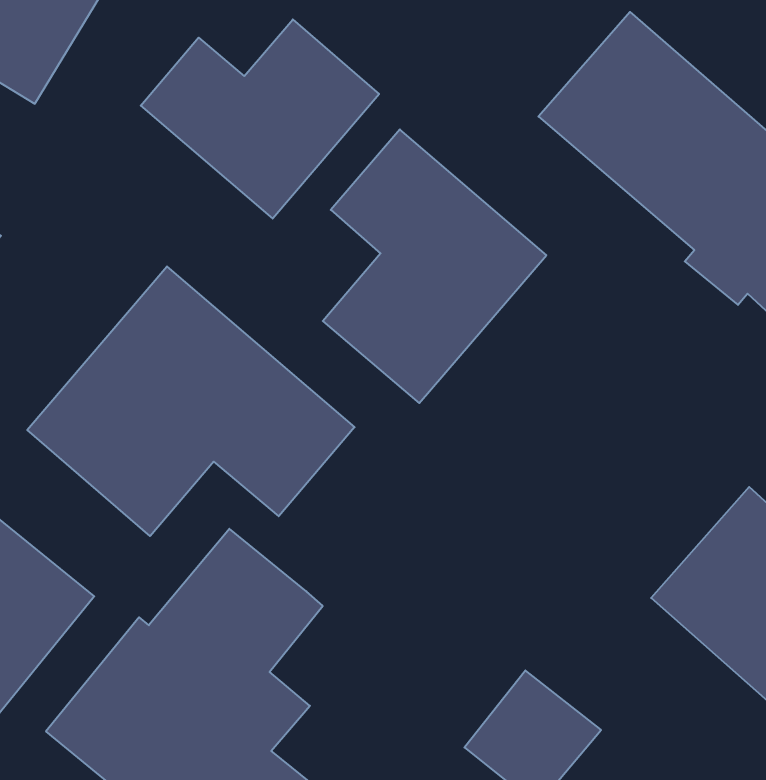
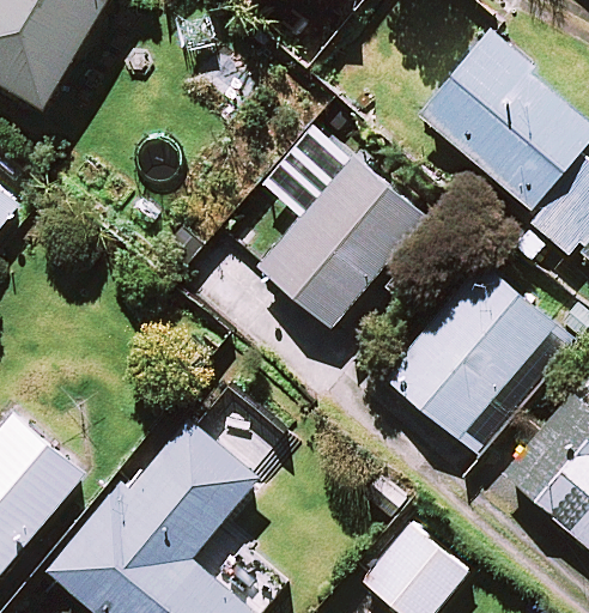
building: [141,19,379,219] -> none
building: [27,266,355,536] -> none
building: none -> [384,262,572,454]

